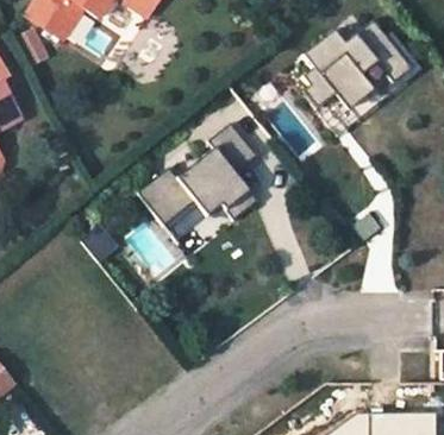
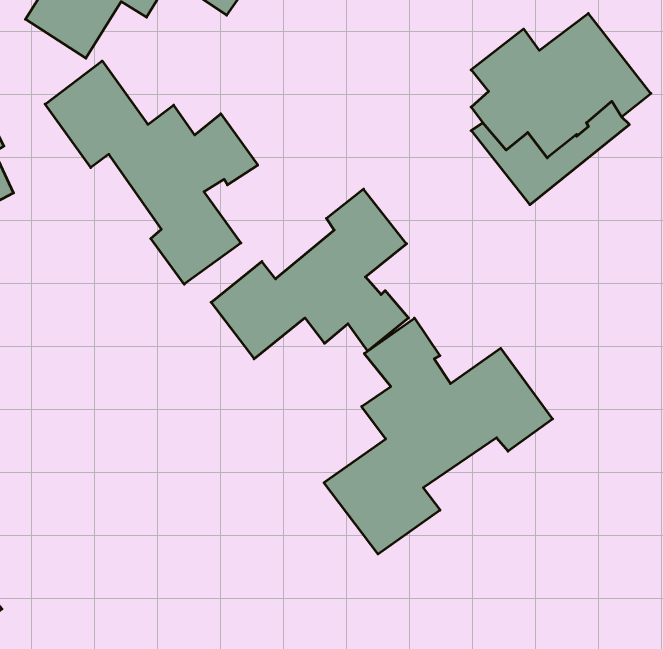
building: none -> [45,61,258,284]
building: none -> [324,318,553,554]

